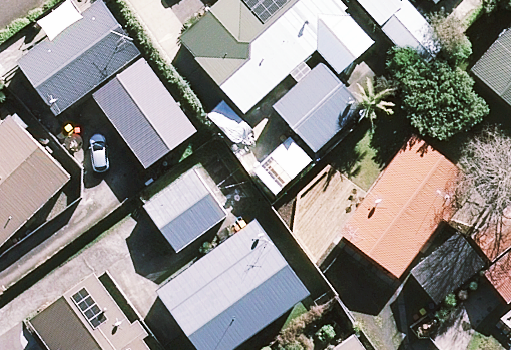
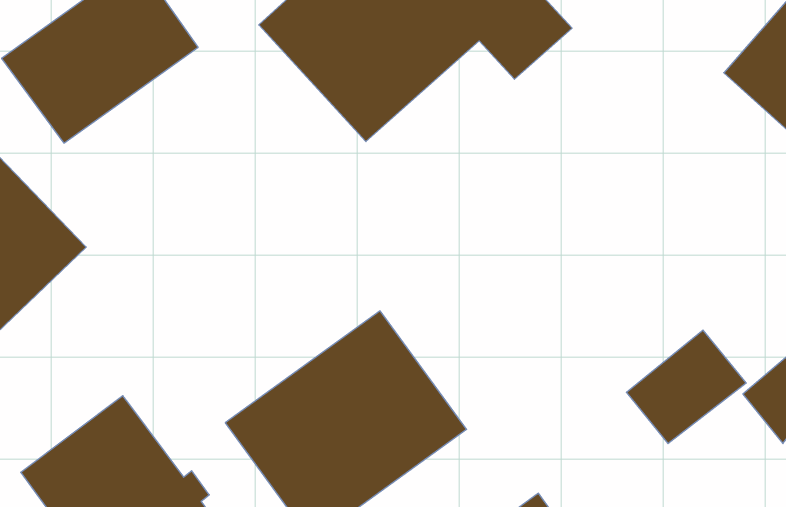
building: [92,58,196,168] -> none
building: [273,63,362,151] -> none
building: [339,134,472,278] -> none
building: [143,168,226,251] -> none

